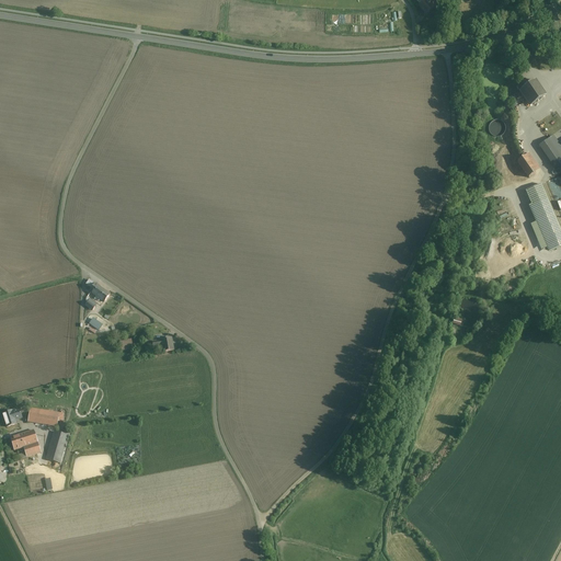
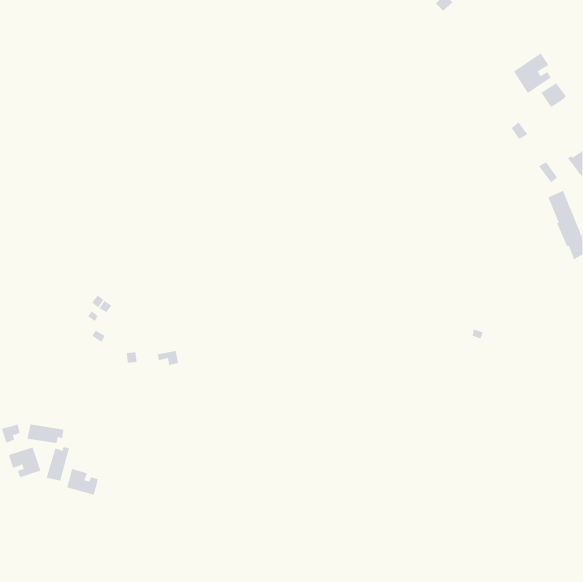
building: none -> [513,53,552,94]
building: none -> [66,468,99,496]

